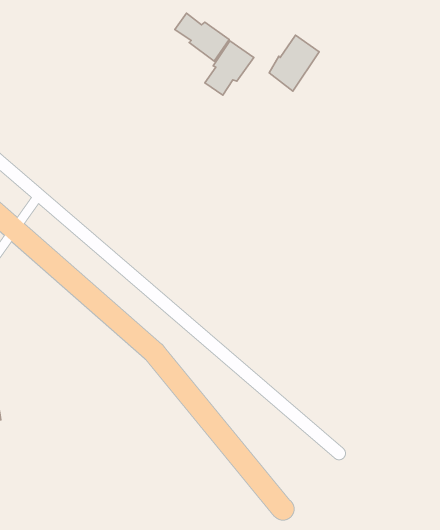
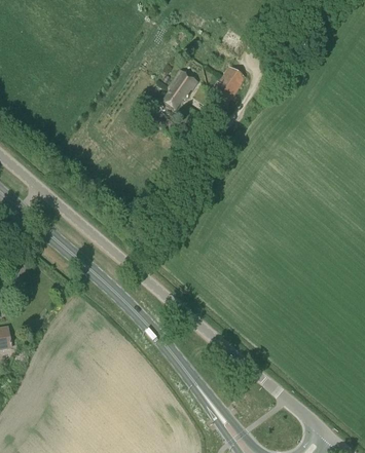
building: [175,13,229,61] -> none

